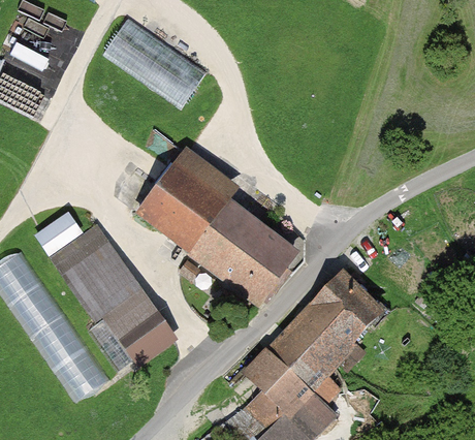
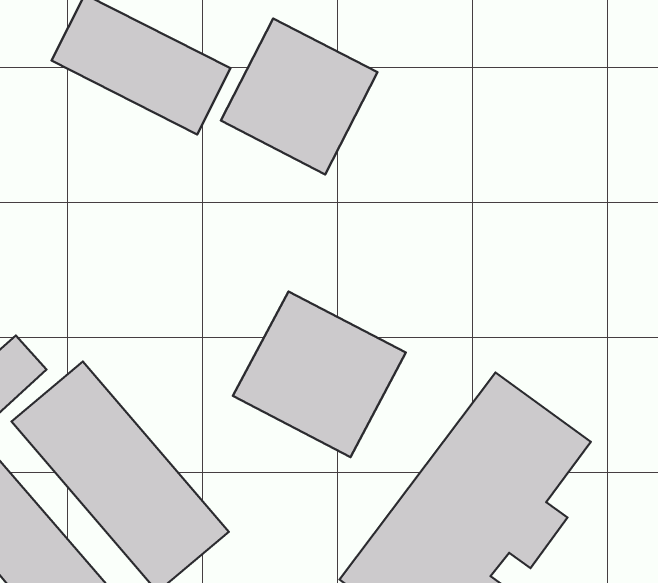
building: [142,150,236,244] -> [221,18,377,174]

